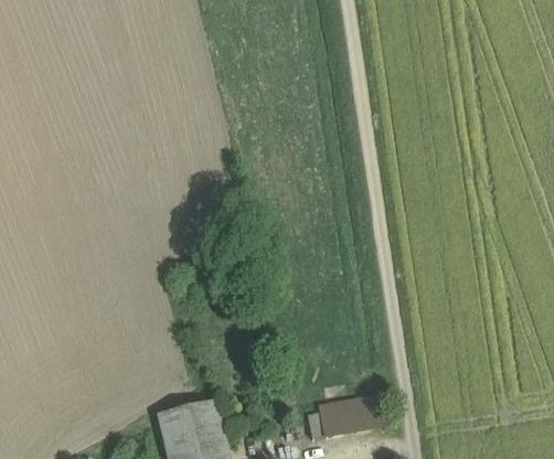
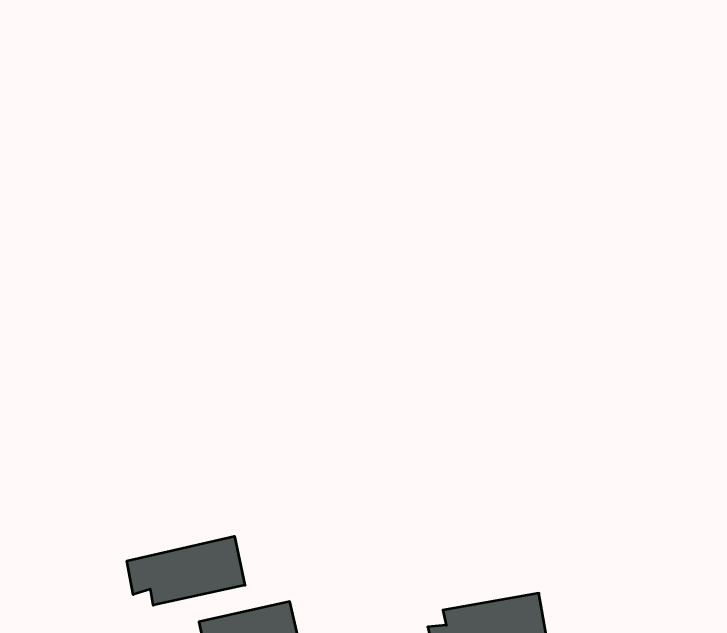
building: none -> [127,536,245,605]

